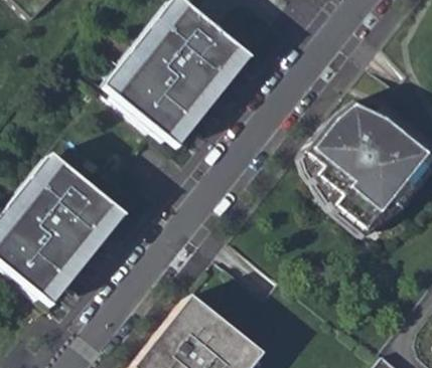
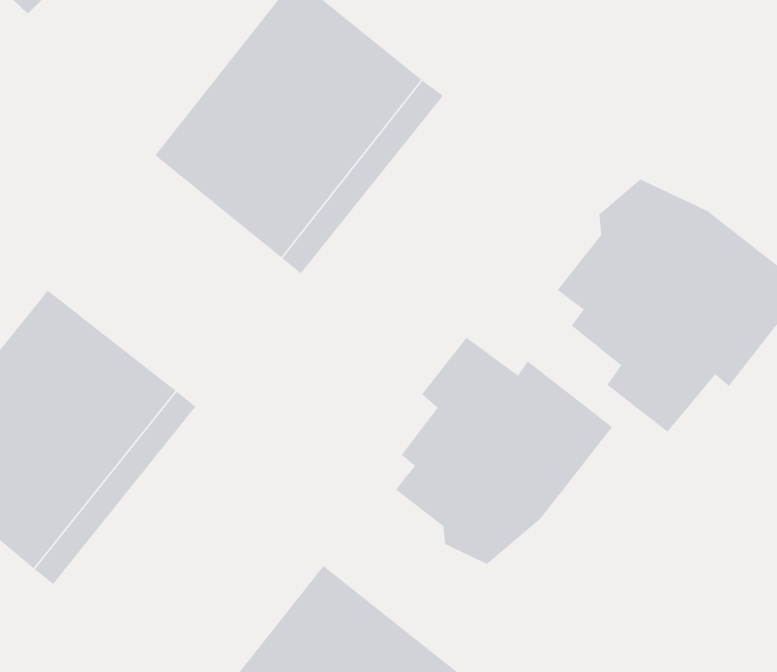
building: none -> [395,337,613,565]

